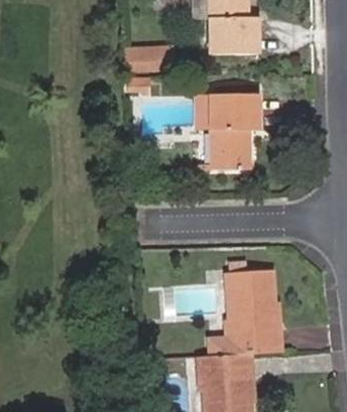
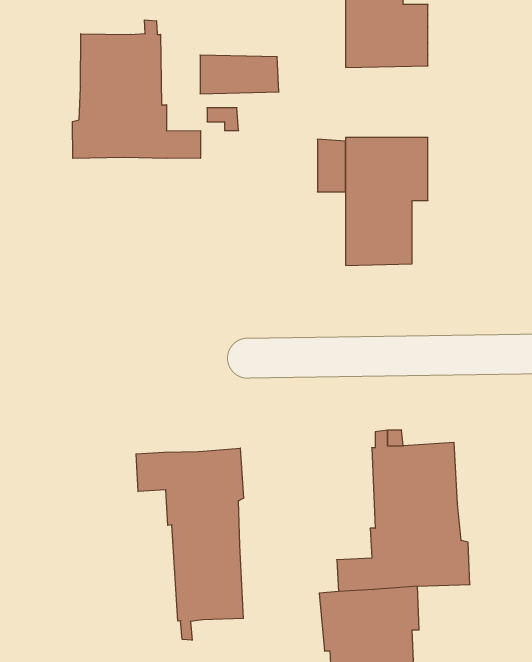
building: none -> [72,20,200,158]
building: none -> [136,448,243,640]

